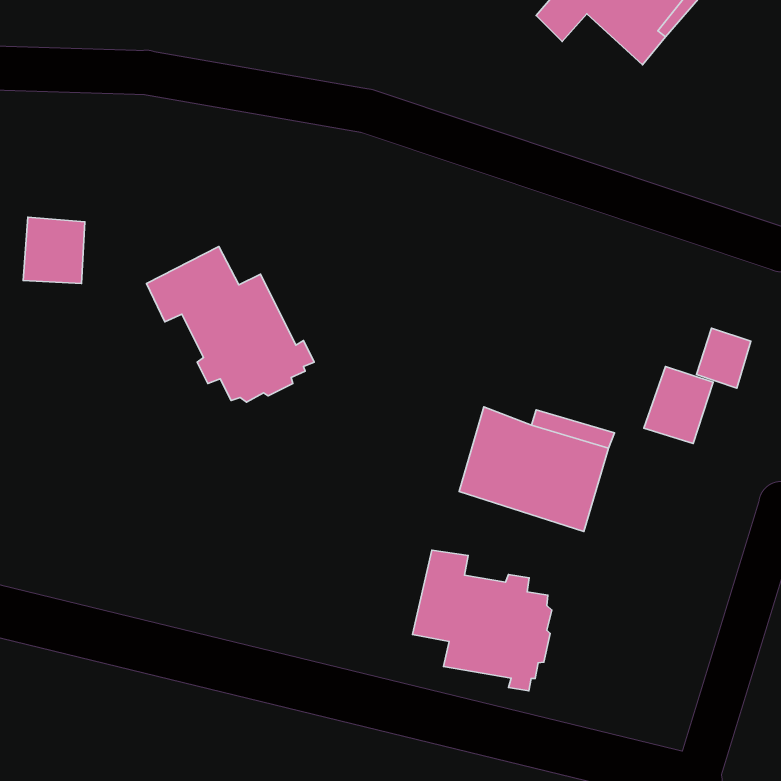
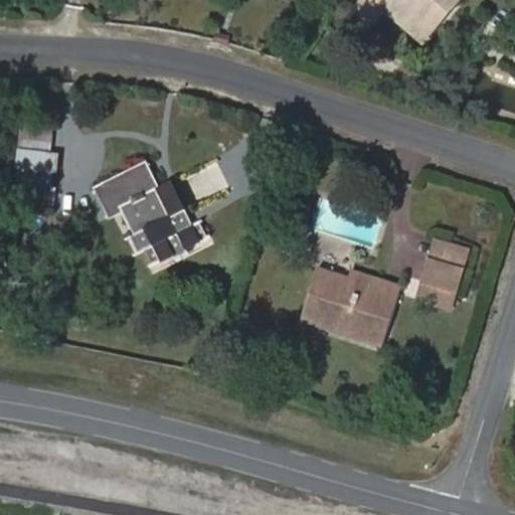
building: [697,328,751,388] -> none
building: [412,550,552,691] -> none

